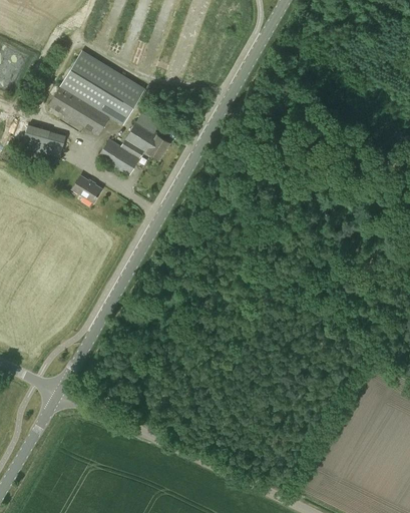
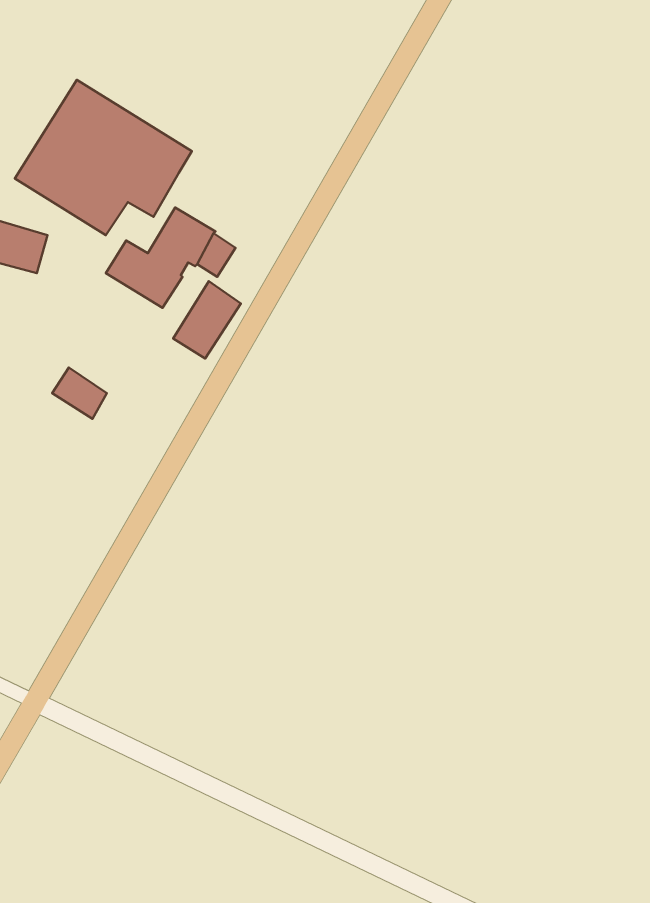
building: none -> [173,281,241,359]
building: [72,174,102,202] -> [52,368,107,419]

